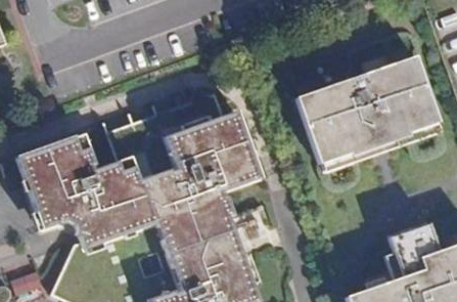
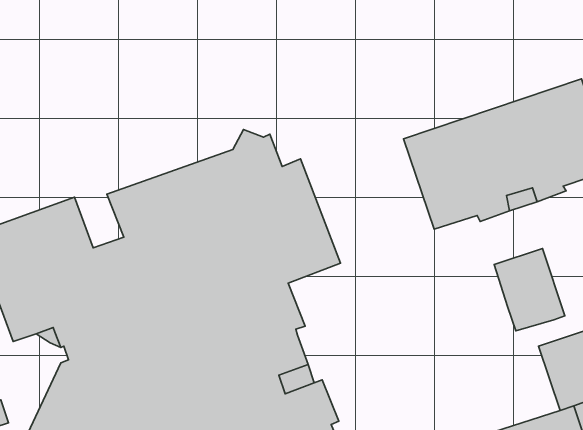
building: none -> [494,248,565,331]

